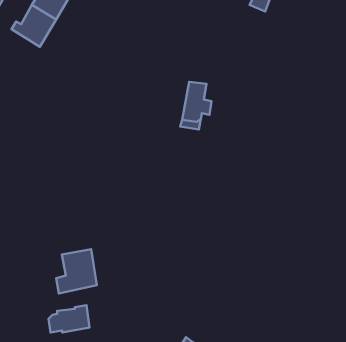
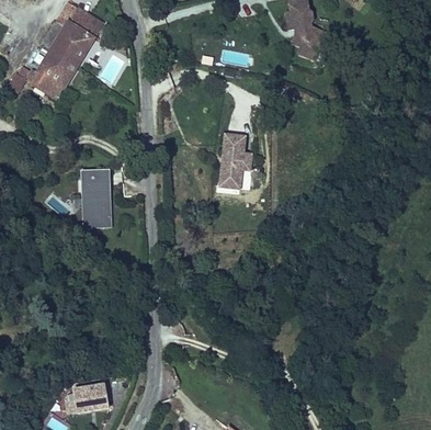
building: none -> [84,173,117,231]
building: [56,249,97,293] -> none

